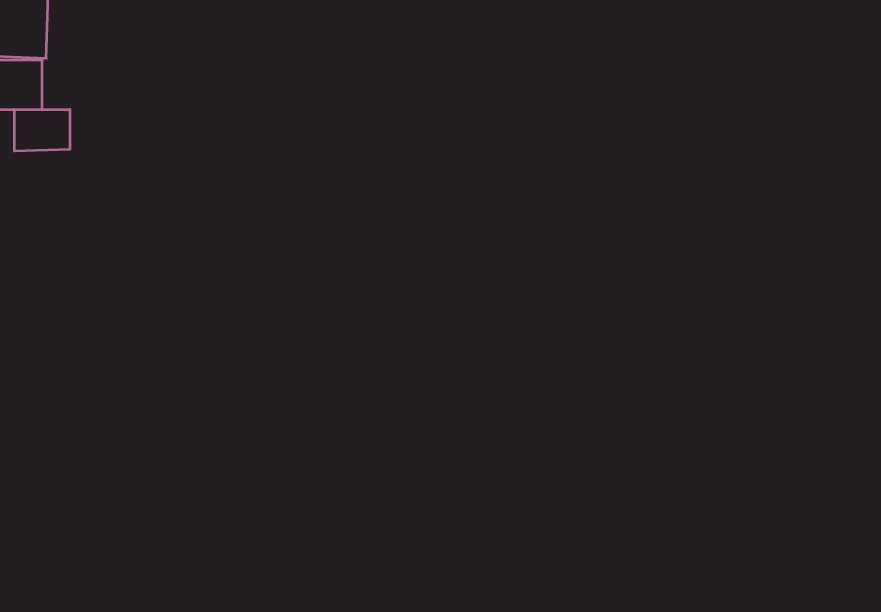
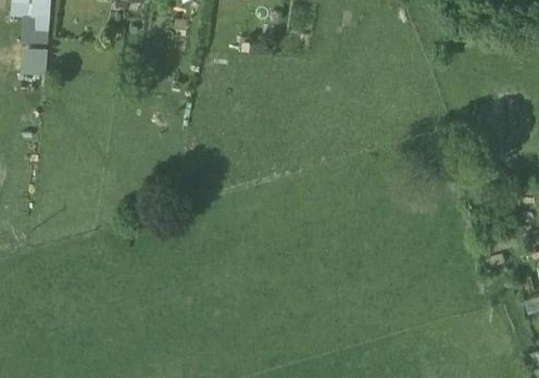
building: [14,109,70,151] -> none

